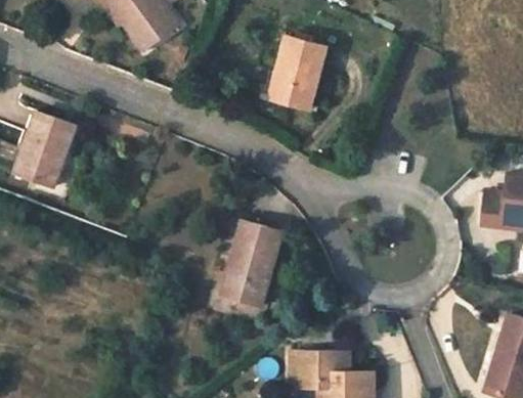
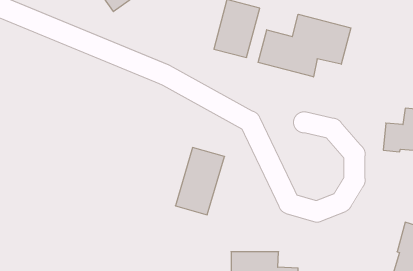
building: none -> [258,14,351,77]
building: [12,112,74,185] -> none

